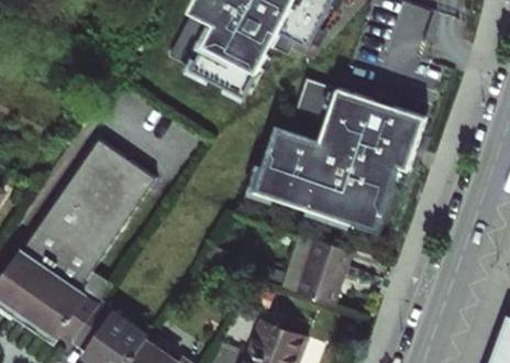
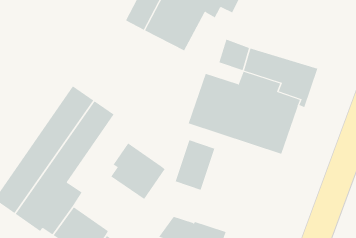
building: none -> [110,142,166,200]
building: [296,239,350,307] -> [175,140,215,190]

